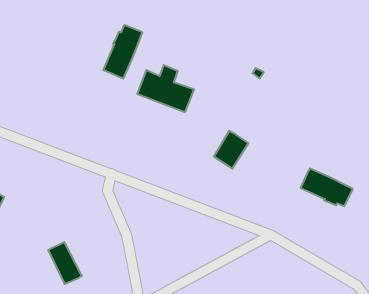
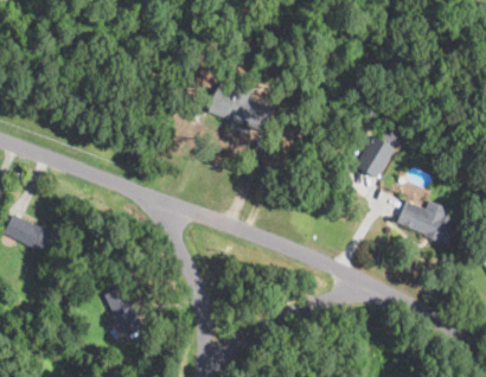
building: [103,25,142,79] -> none
building: [214,131,248,169] -> [354,135,395,179]

